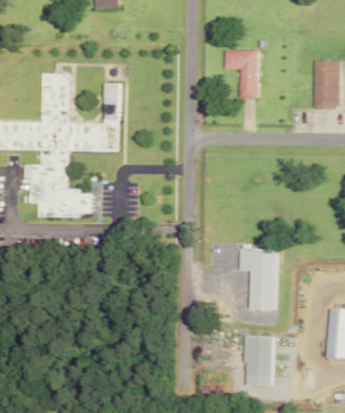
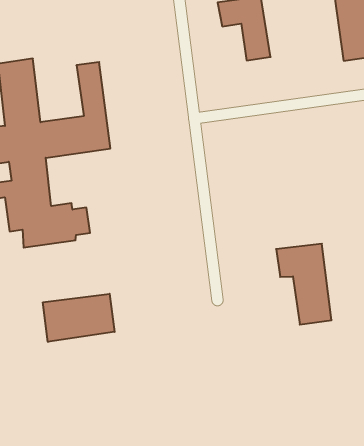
building: none -> [43,294,115,342]
building: [245,335,274,385] -> none

